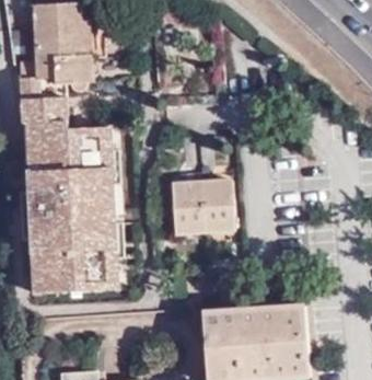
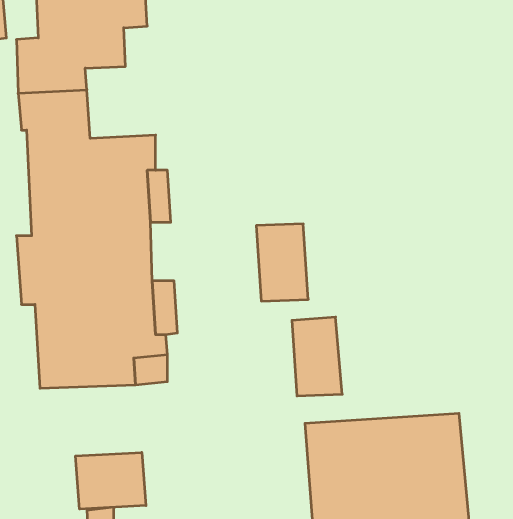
building: [205,183,237,234] -> [292,317,342,396]
building: none -> [76,452,146,509]

